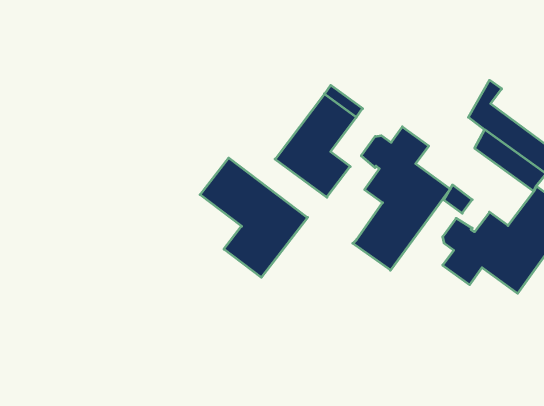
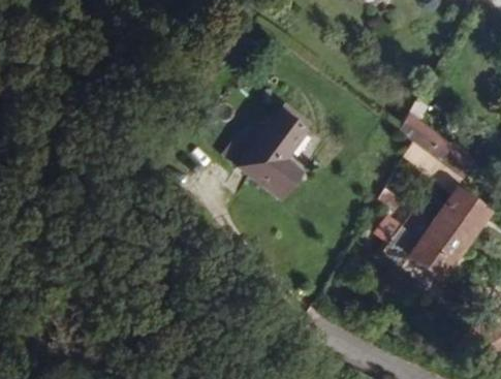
building: [353,127,450,270] -> none
building: [200,158,308,277] -> none

